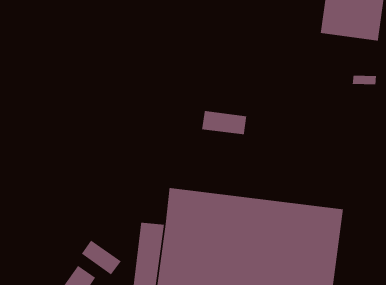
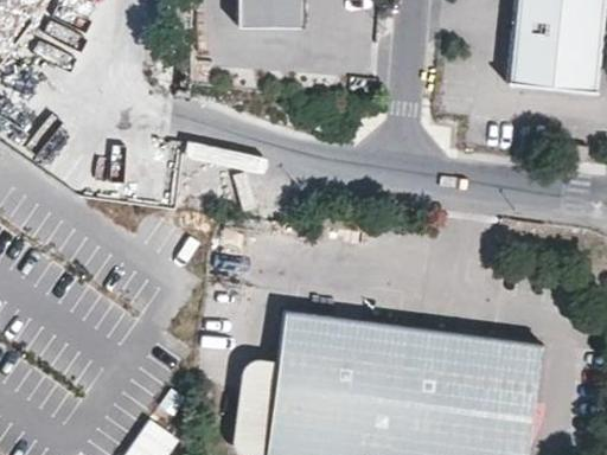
building: [201,110,247,135] -> none
building: [81,240,122,276] -> none

